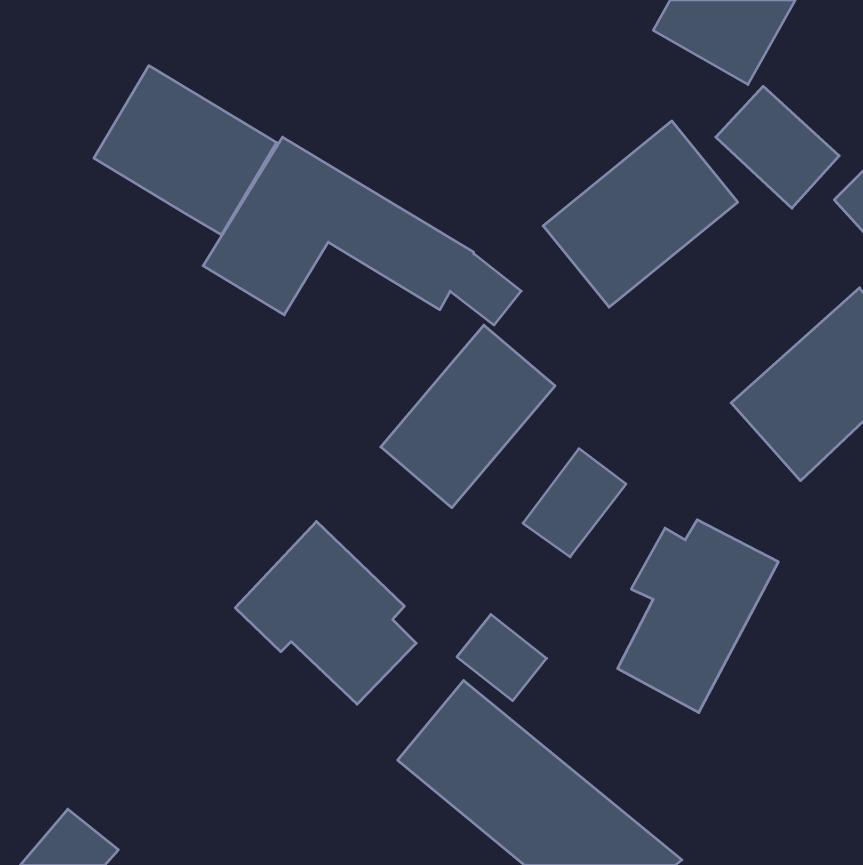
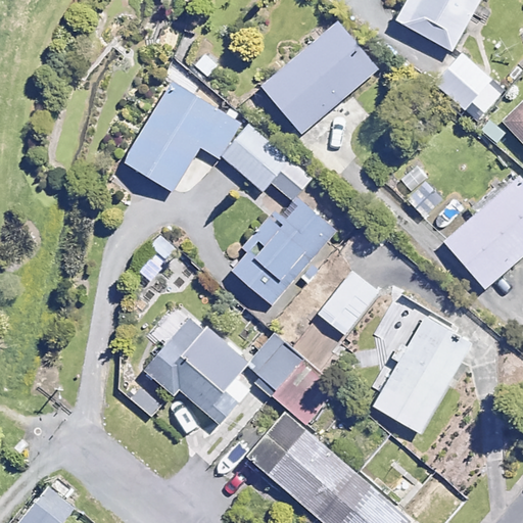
building: [94,66,277,235] -> none
building: [543,121,738,307] -> [260,20,378,133]
building: none -> [250,329,305,386]

